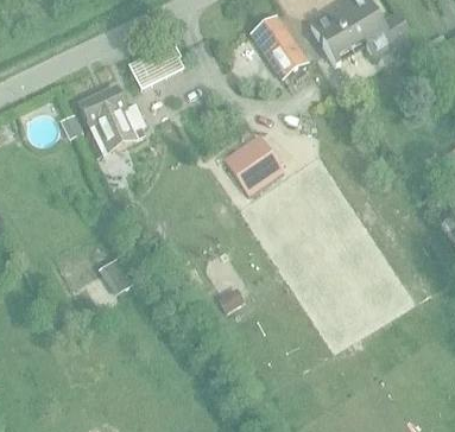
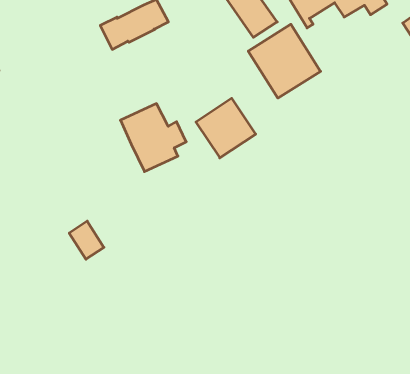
building: none -> [248,24,321,98]
building: [80,85,145,153] -> [120,104,186,172]

